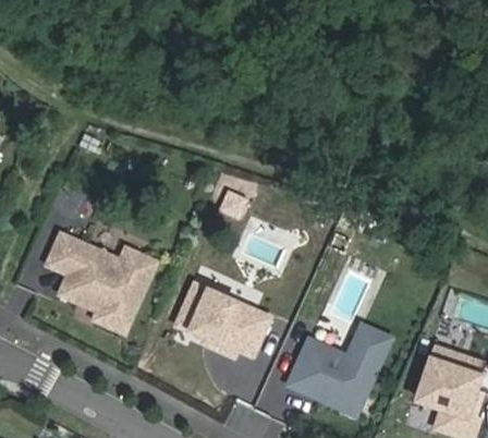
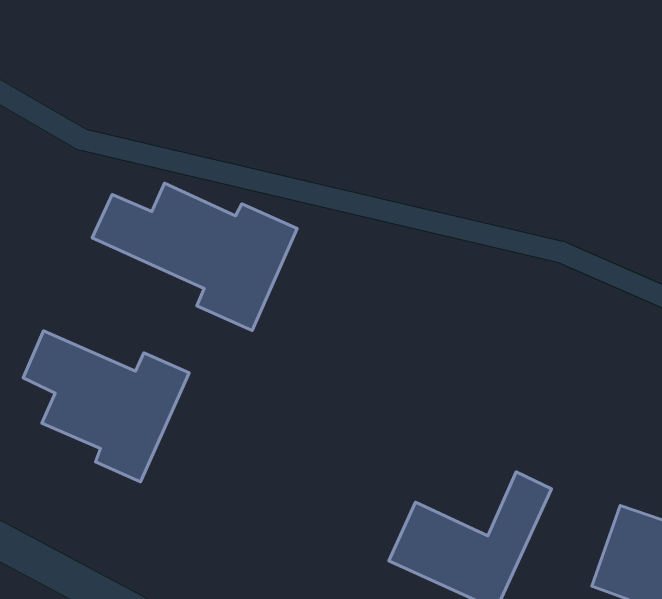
building: none -> [92,183,297,330]
building: [176,283,269,354] -> none

